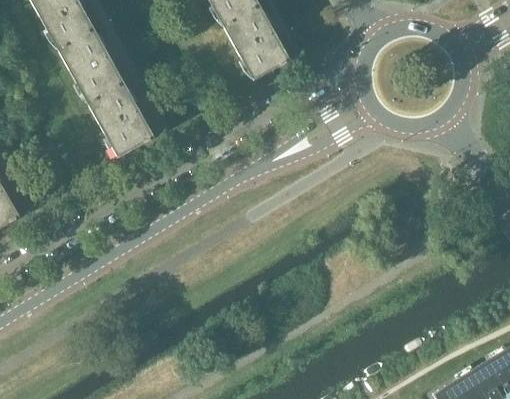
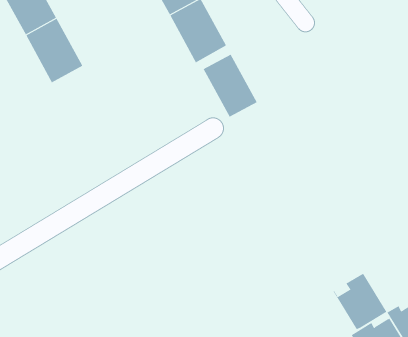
building: none -> [203,54,257,118]
building: [89,85,155,159] -> none
building: none -> [332,273,387,330]

